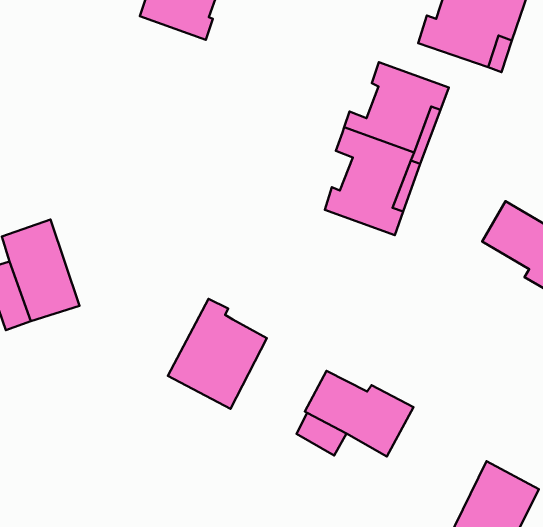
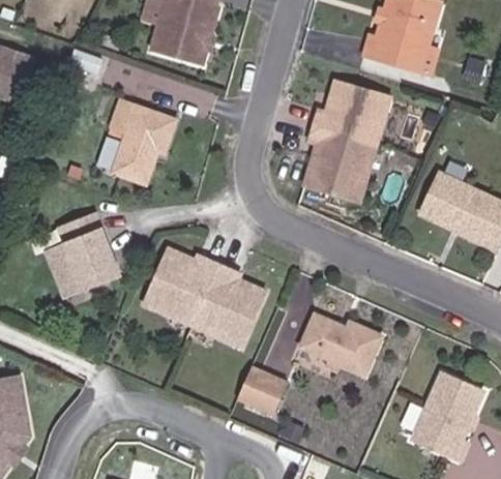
building: none -> [111,101,177,183]
building: none -> [143,247,218,325]
building: none -> [236,365,287,415]

